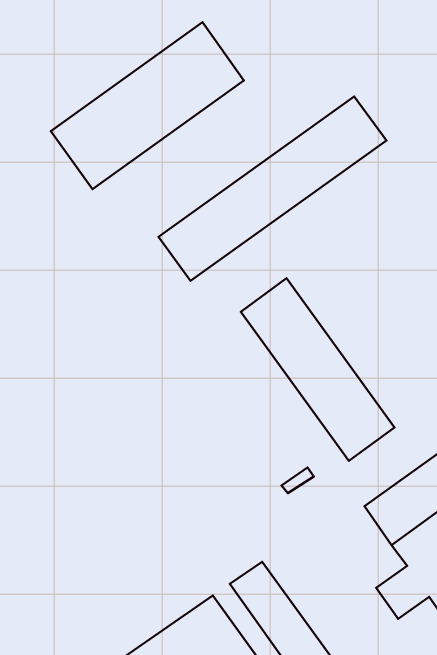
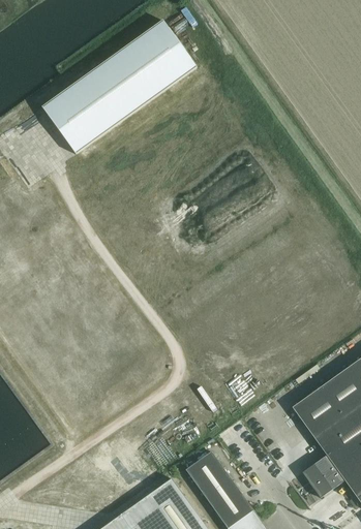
building: [158,96,386,281] -> none
building: [241,278,395,461] -> none

